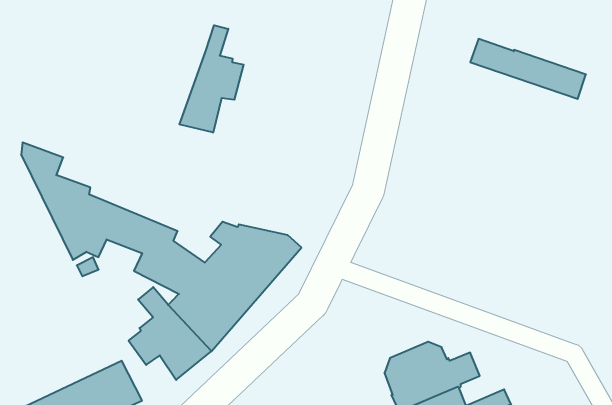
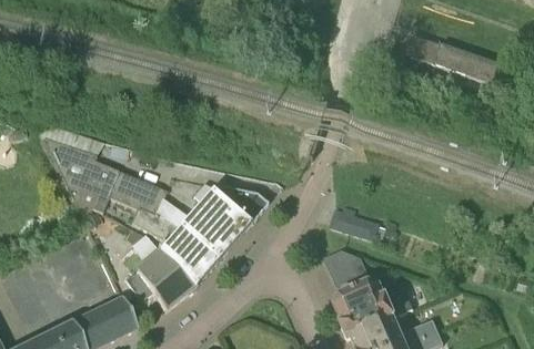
building: [179,25,244,133] -> none
building: none -> [331,206,380,240]
building: none -> [324,250,369,287]

